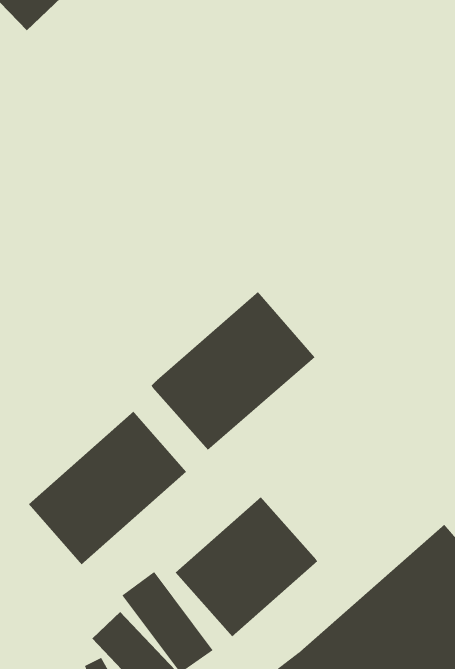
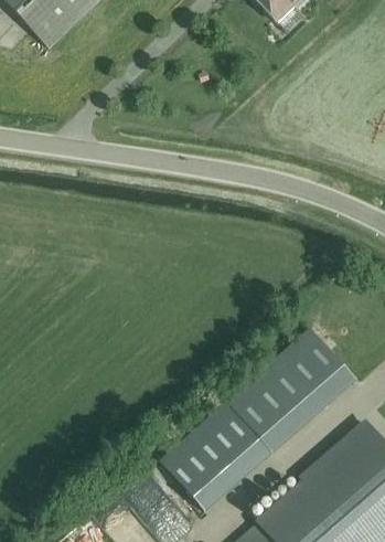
building: [150,291,316,451] -> [227,329,354,451]
building: [28,411,187,565] -> none

